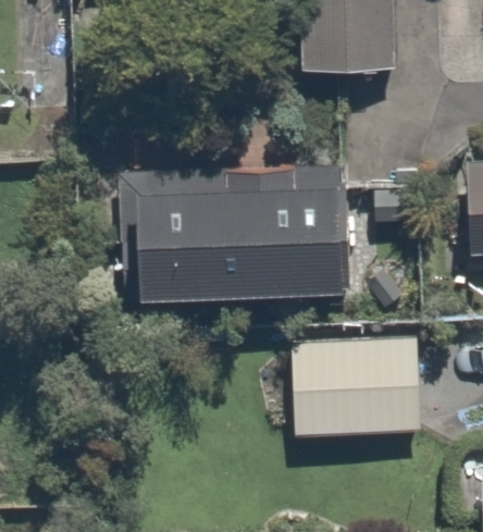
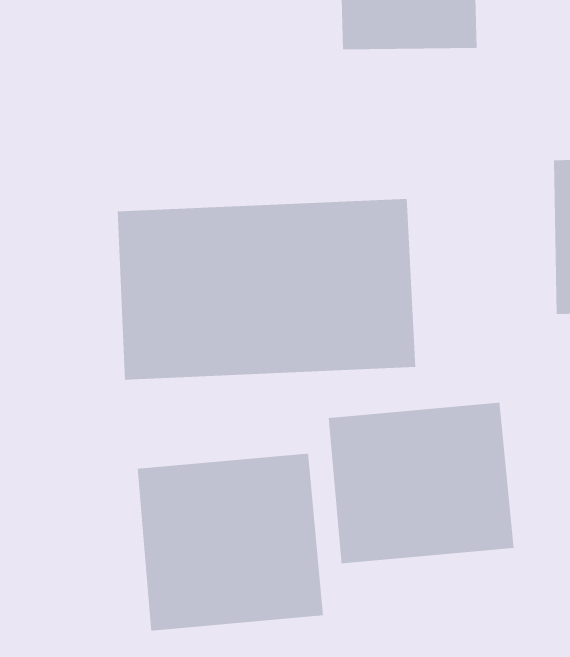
building: none -> [137,453,324,631]

